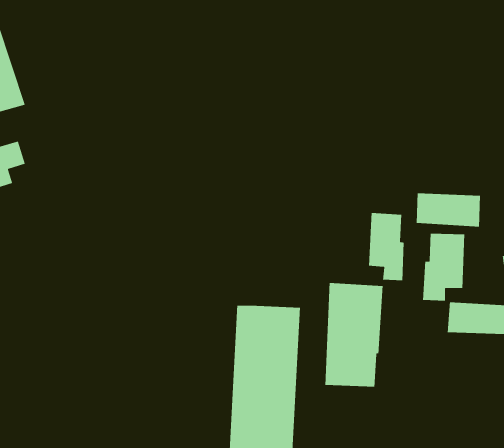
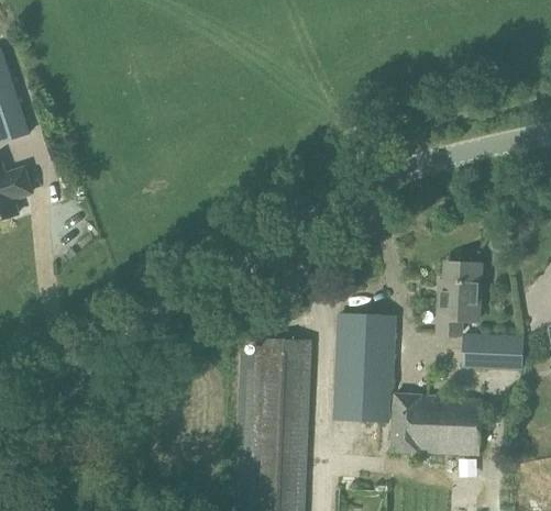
building: [416,192,481,227] -> none
building: [368,212,405,281] -> none
building: none -> [390,392,482,454]

